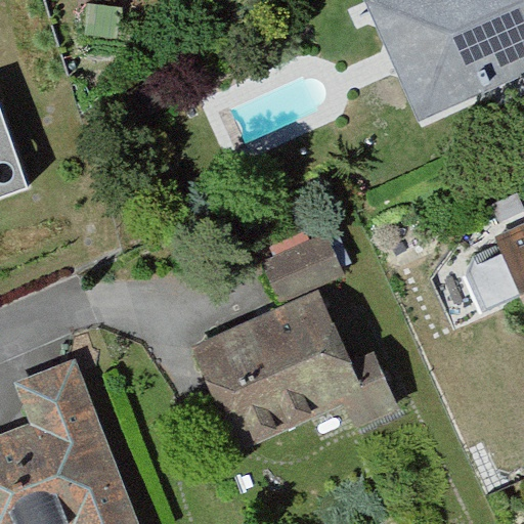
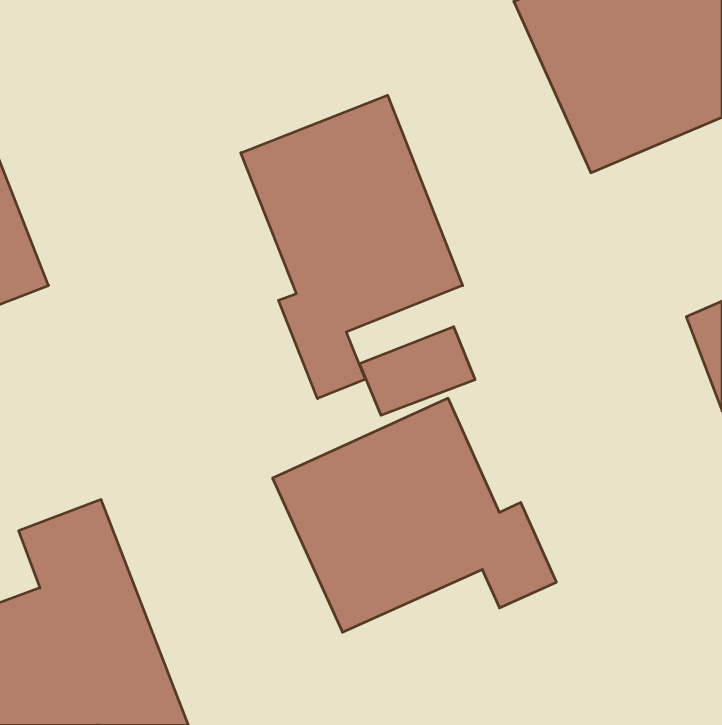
building: none -> [241,95,463,399]

